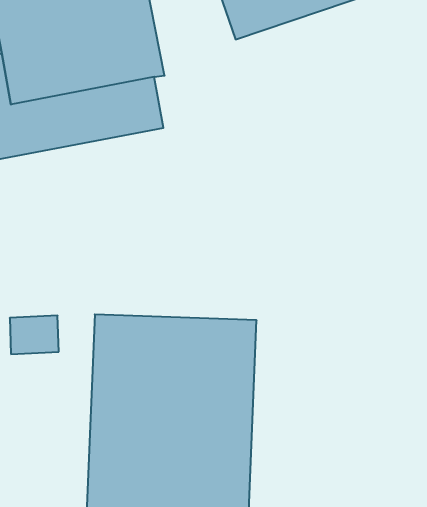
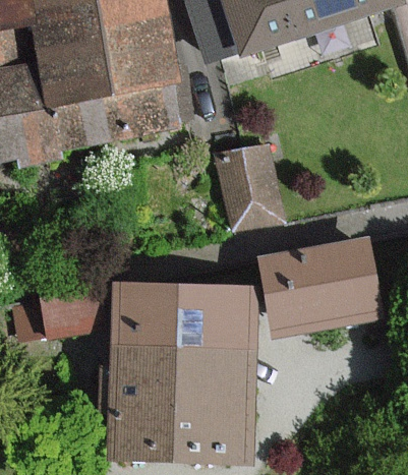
building: none -> [221,143,284,233]
building: none -> [266,253,373,336]

